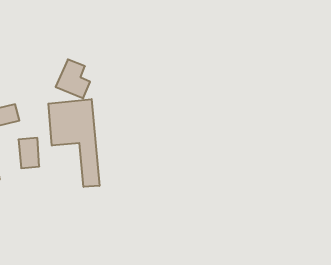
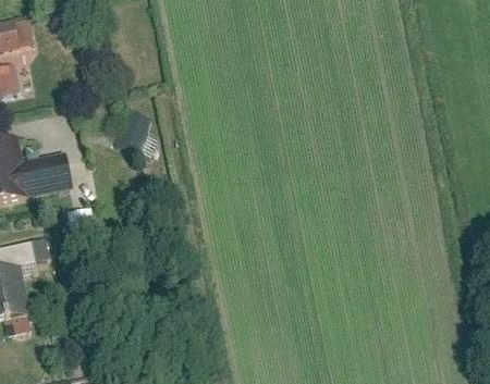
building: [48,99,99,187] -> none

